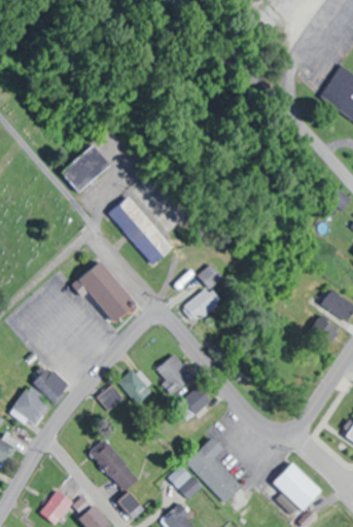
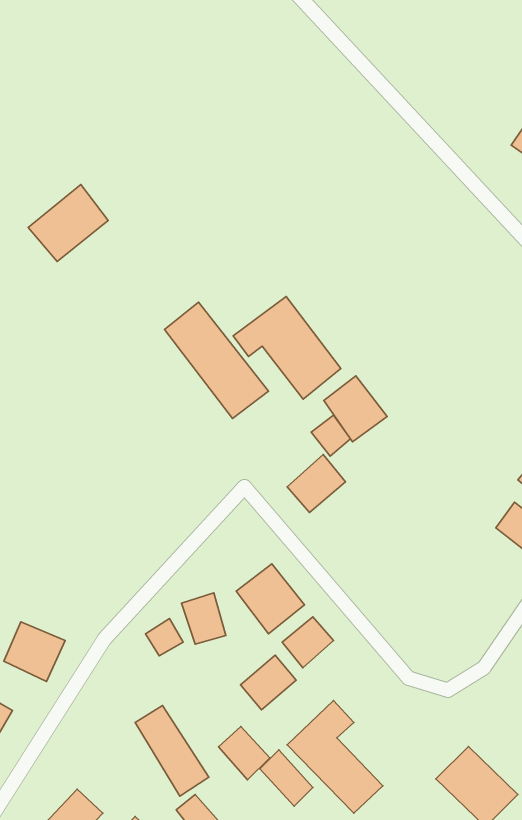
building: [62,145,110,191] -> [28,185,108,262]
building: none -> [324,376,387,442]
building: [71,261,136,323] -> [233,297,341,399]
building: [33,372,66,405] -> none
building: none -> [241,655,296,710]
building: none -> [218,727,270,780]

